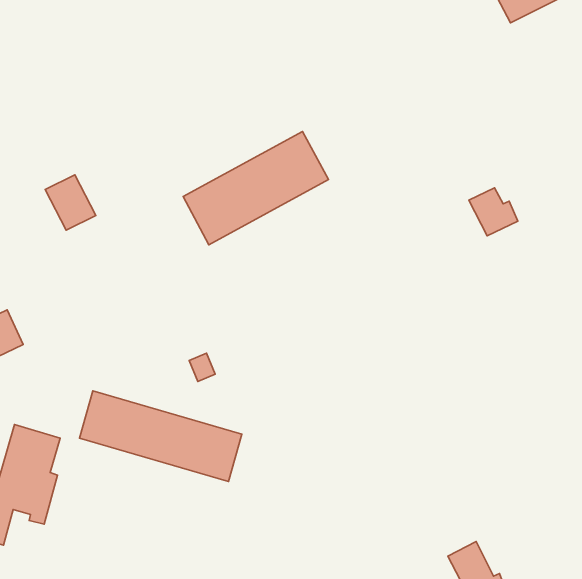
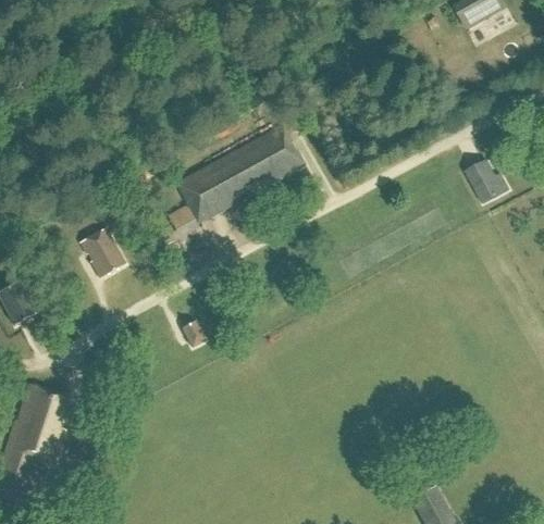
building: [45,175,96,230] -> [81,228,125,277]
building: [469,188,518,236] -> [466,160,509,202]
building: [79,391,242,481] -> none

